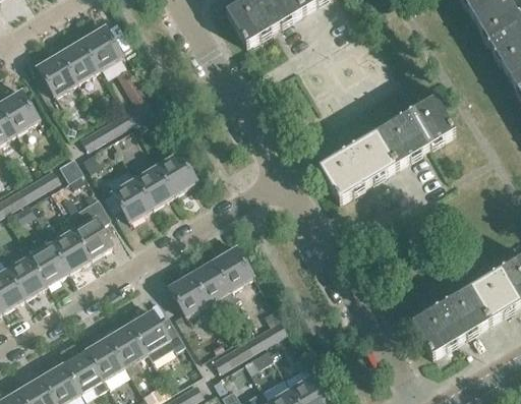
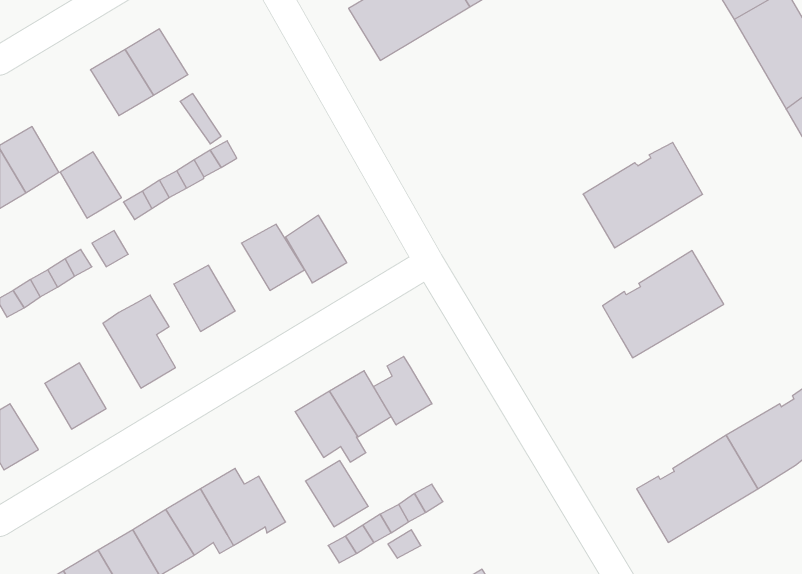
building: [38,52,77,95] -> [60,152,121,218]
building: [320,132,398,201] -> [603,251,724,358]
building: [135,164,175,208] -> [285,215,347,283]
building: [52,228,92,271] -> none
building: none -> [373,356,432,425]
building: [7,254,47,297] -> none
building: [169,273,210,315] -> [305,461,368,527]

